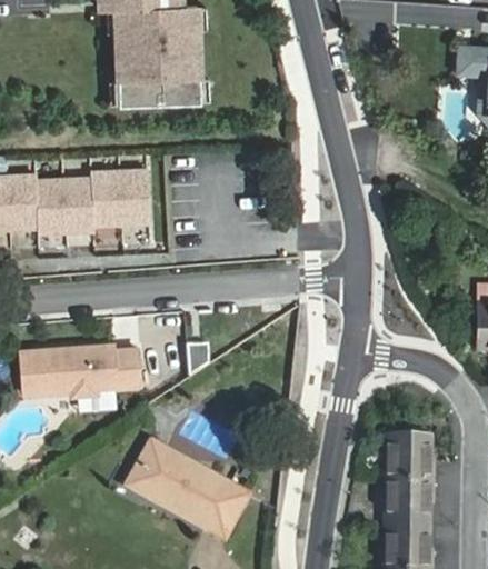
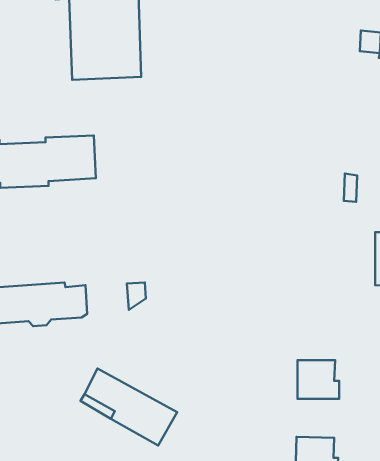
building: [386,481,436,527] -> none

